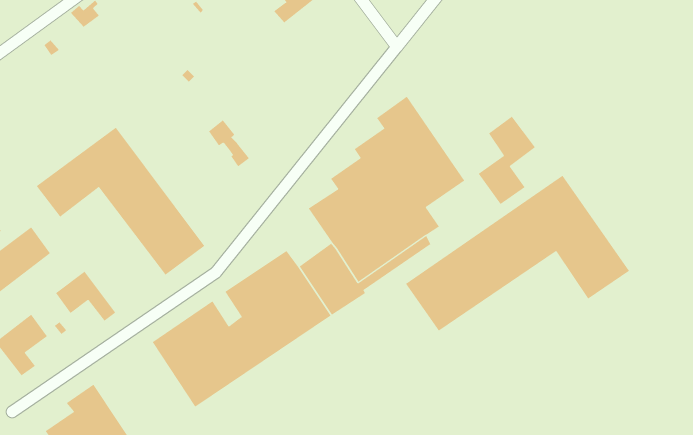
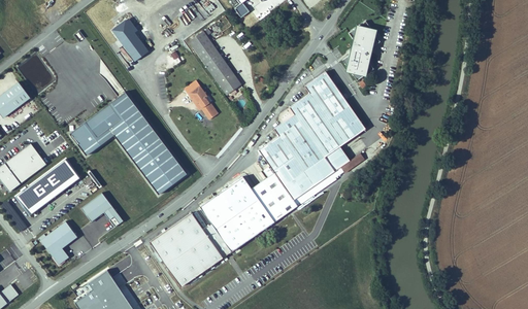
building: none -> [111,20,147,61]
building: none -> [188,29,240,95]
building: [478,116,536,205] -> [341,20,382,81]
building: [405,175,630,332] -> none

